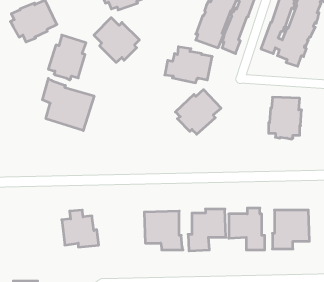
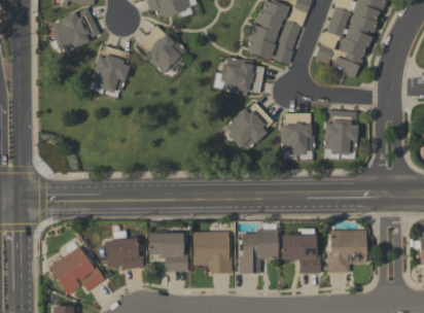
building: [42,78,94,131] -> none
building: none -> [281,113,315,155]
building: none -> [149,233,188,272]
building: none -> [49,246,105,295]

